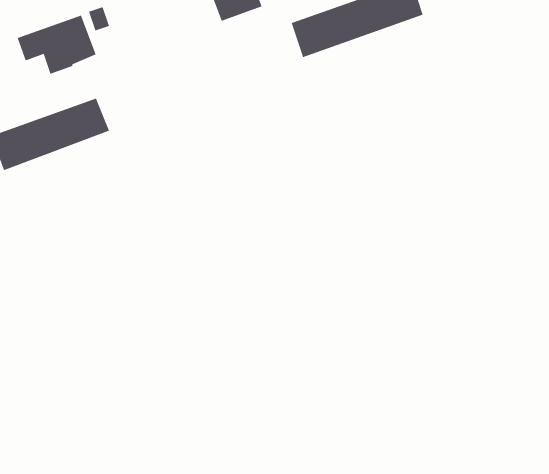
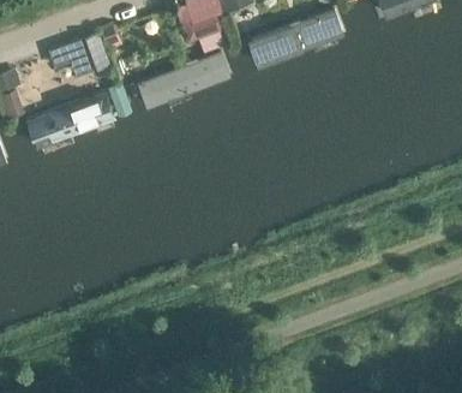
building: none -> [134,49,230,107]

